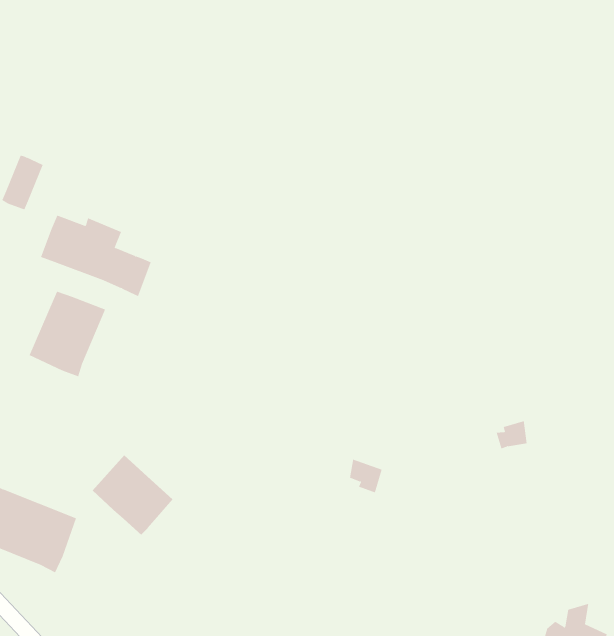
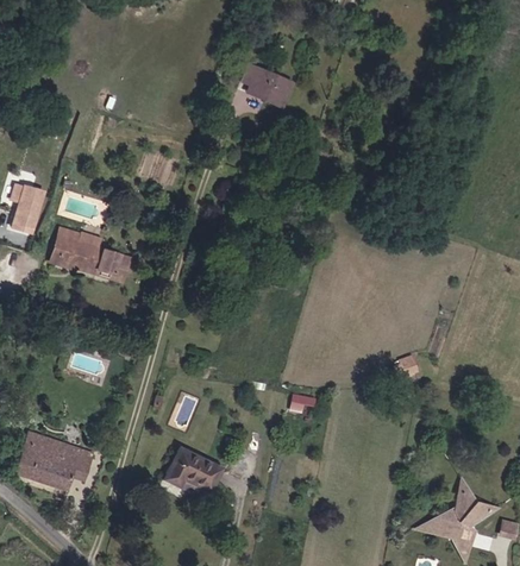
building: none -> [240,63,295,103]
building: [29,291,106,377] -> none
building: [92,454,174,535] -> [162,441,223,499]

